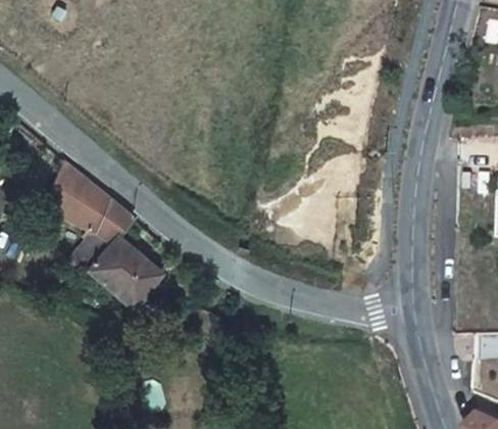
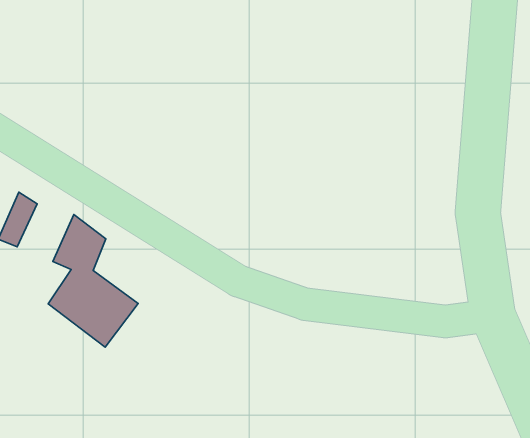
building: [62,163,110,232] -> none

